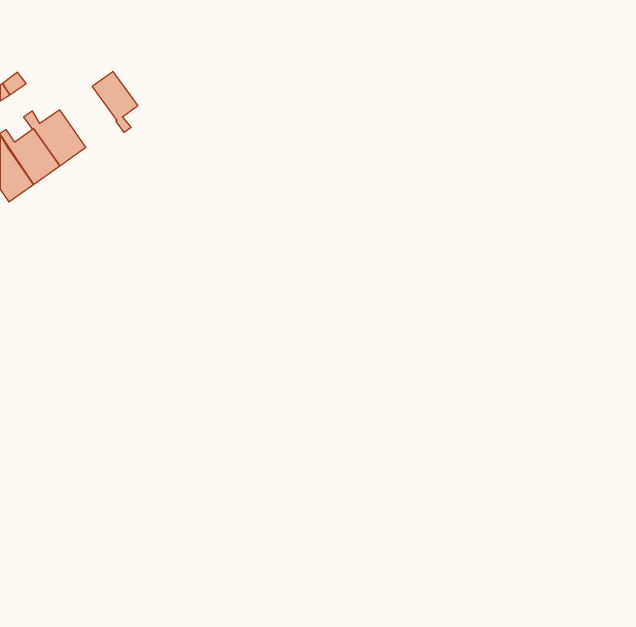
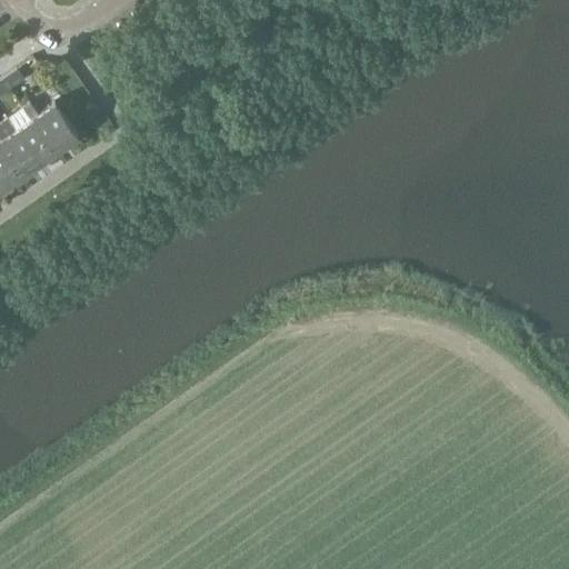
building: [92,71,138,132] -> none

